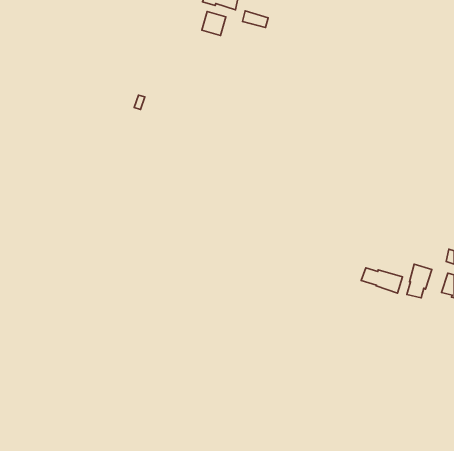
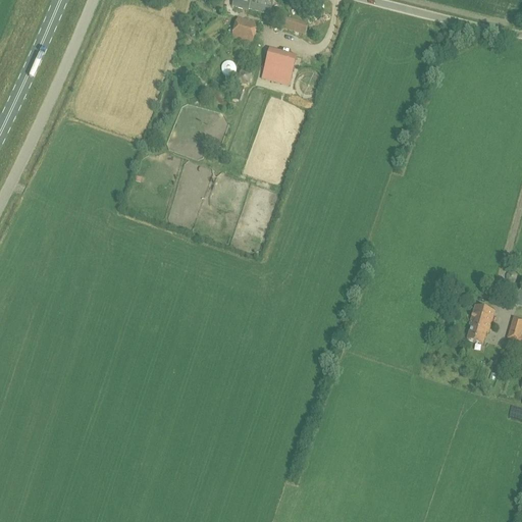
building: none -> [262,54,295,84]
building: [361,268,403,293] -> none

